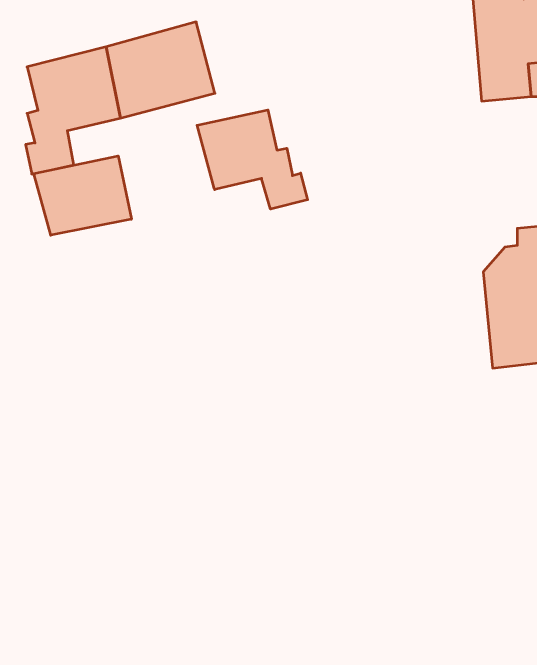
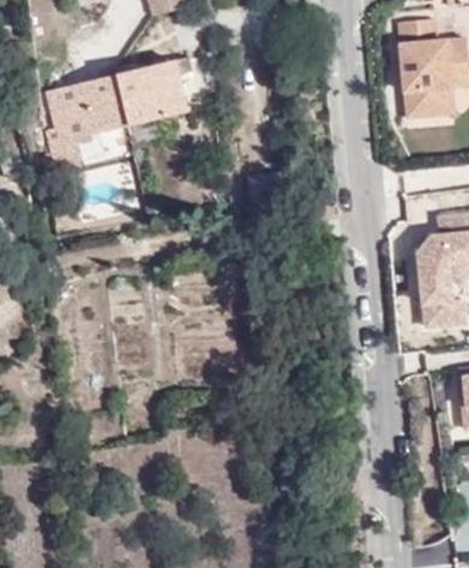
building: [197,110,308,209] -> none
building: [34,156,131,235] -> none

